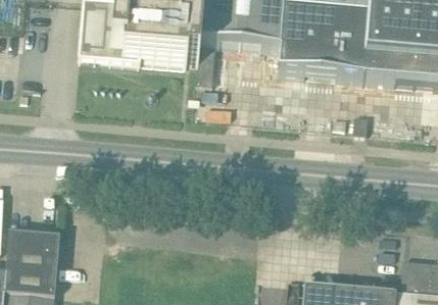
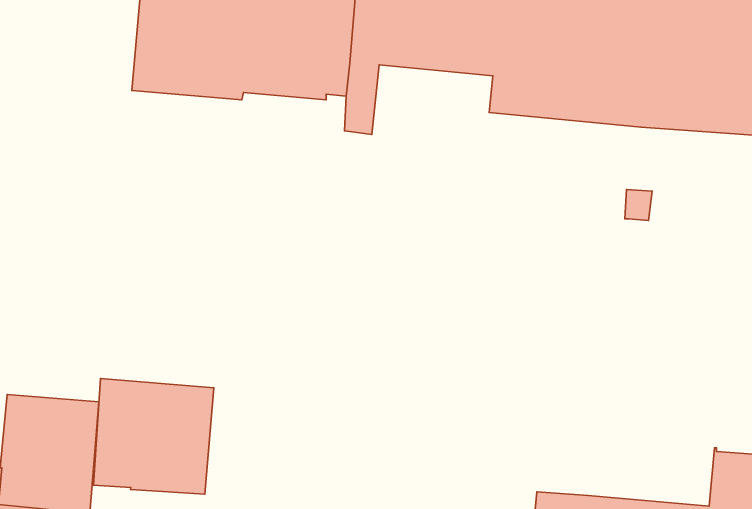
building: none -> [93,379,214,494]

